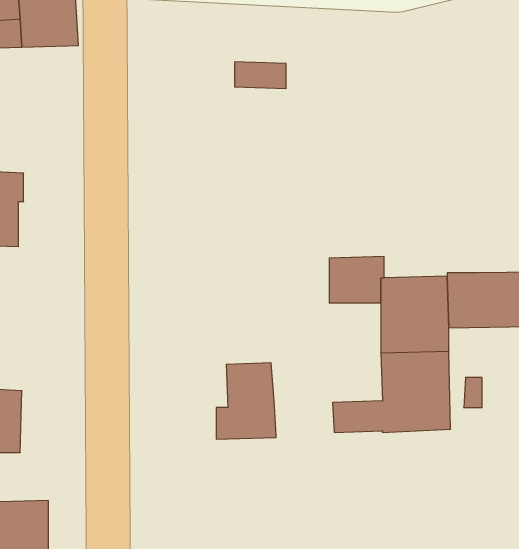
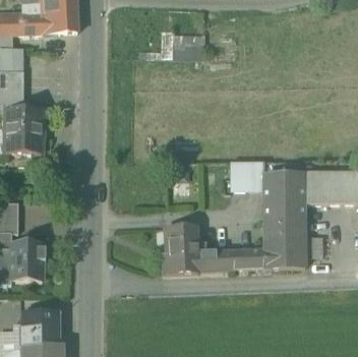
building: none -> [197,249,234,270]

